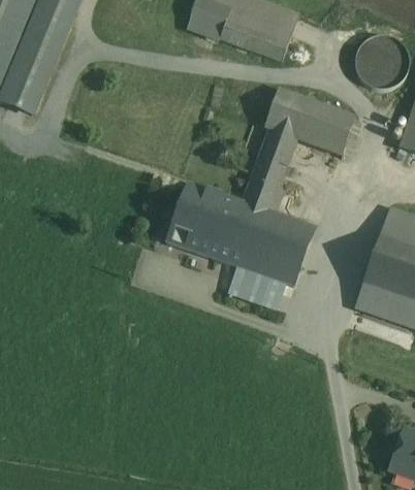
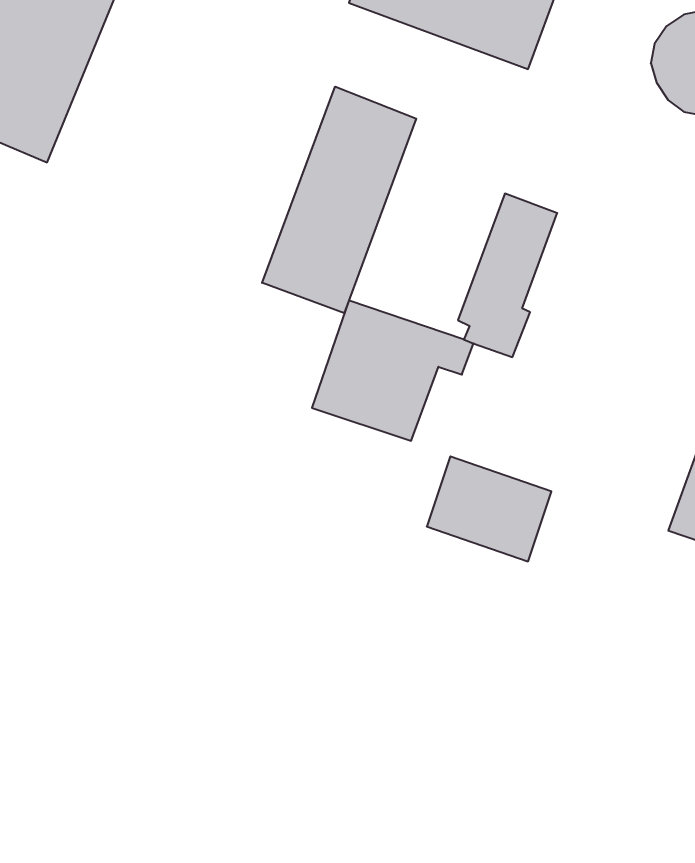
building: none -> [262,87,416,313]
building: [264,89,355,154] -> none
building: [220,206,315,285] -> none

